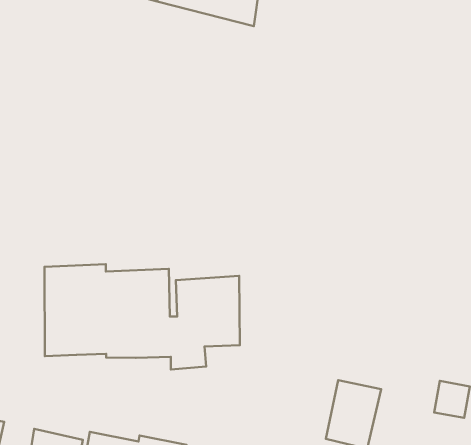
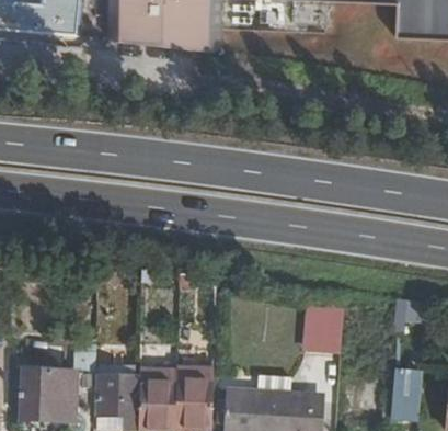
building: [45,264,240,370] -> none

